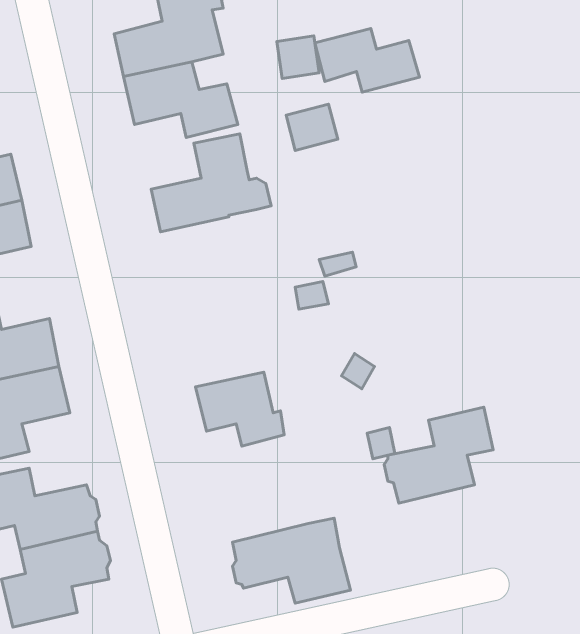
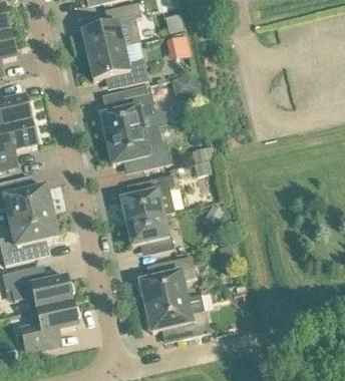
building: [315,29,420,92] -> none
building: none -> [106,125,170,169]
building: none -> [120,173,175,222]
building: [384,407,493,503] -> [137,254,197,306]

